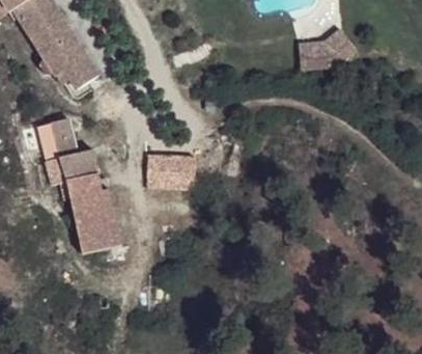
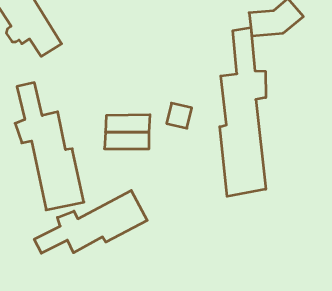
building: none -> [220,28,266,196]
building: none -> [34,190,147,253]

